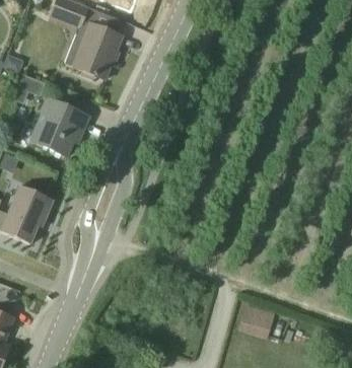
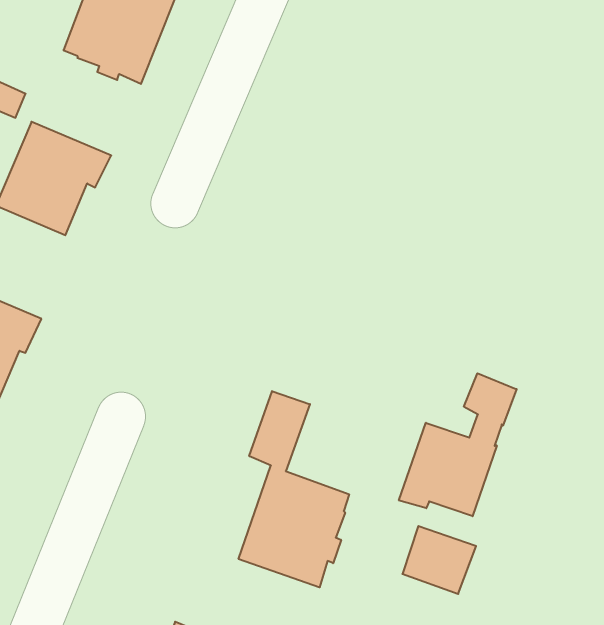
building: none -> [399,373,517,516]
building: none -> [239,391,349,587]

